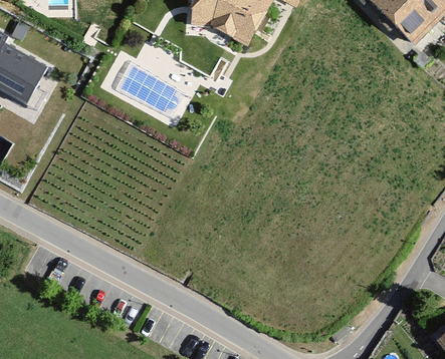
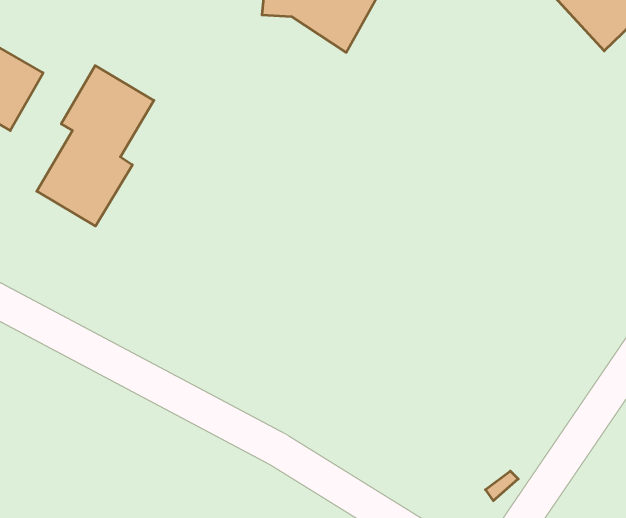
building: none -> [37,66,154,226]

